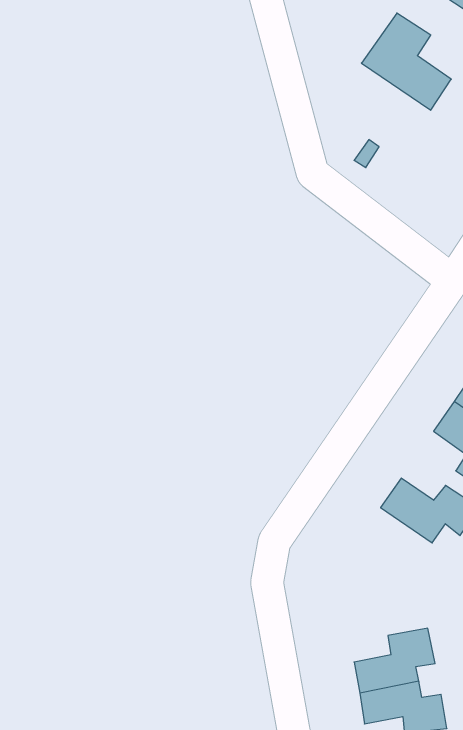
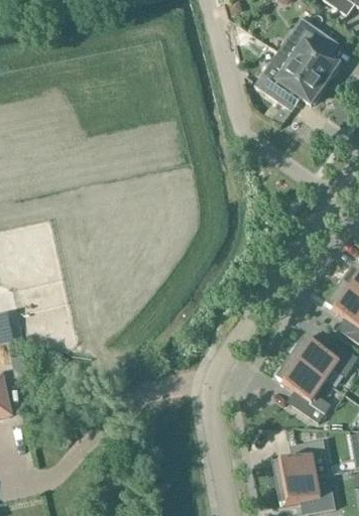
building: none -> [254,53,325,106]
building: none -> [276,358,331,423]

